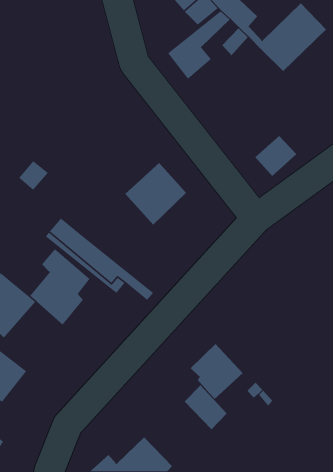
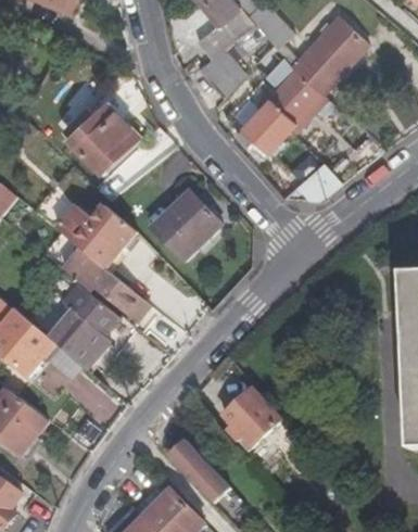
building: none -> [238,67,324,151]
building: none -> [68,102,137,170]
building: none -> [72,206,135,270]
building: [184,385,227,430] -> [166,440,214,490]

